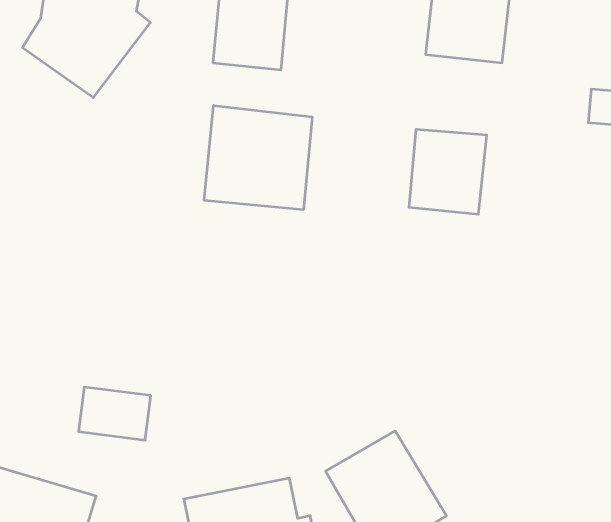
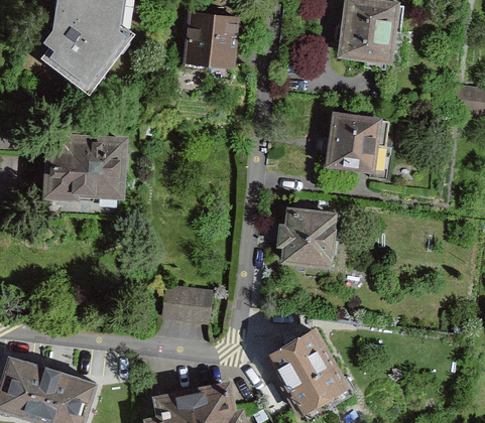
building: [204,105,312,210] -> none
building: none -> [39,138,123,203]
building: none -> [279,208,337,271]
building: [79,387,151,440] -> [160,281,213,319]

